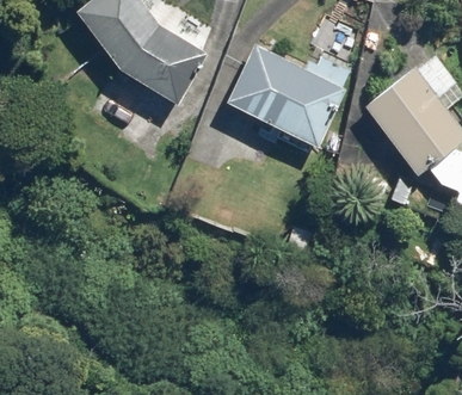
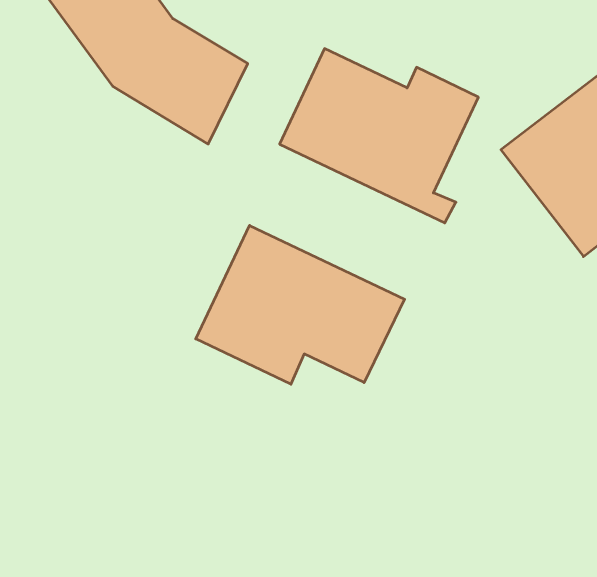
building: none -> [196,225,405,384]

